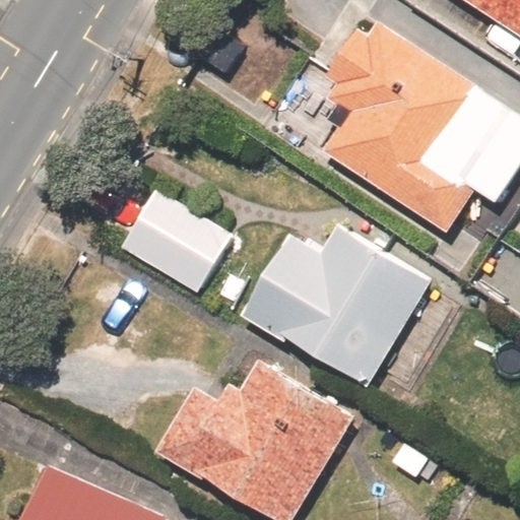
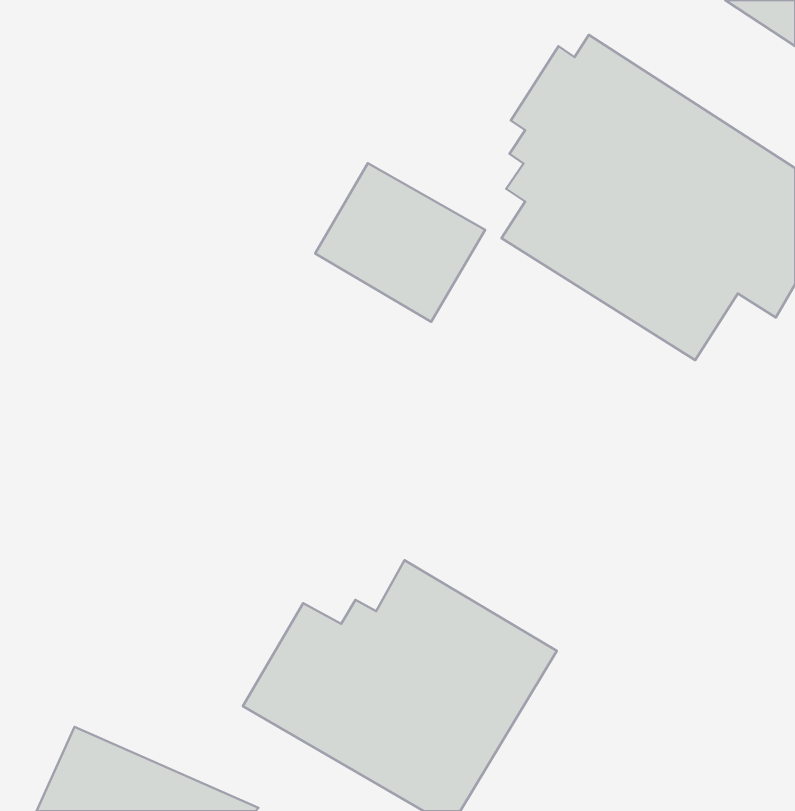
building: [120,191,229,292] -> [315,163,485,322]
building: [241,224,431,388] -> none

